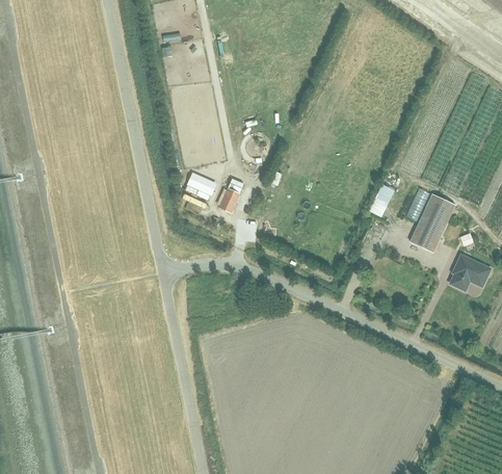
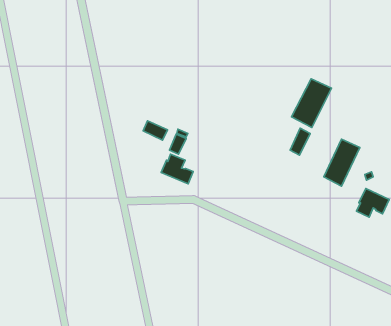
building: none -> [292,79,332,128]
building: none -> [161,154,193,184]

